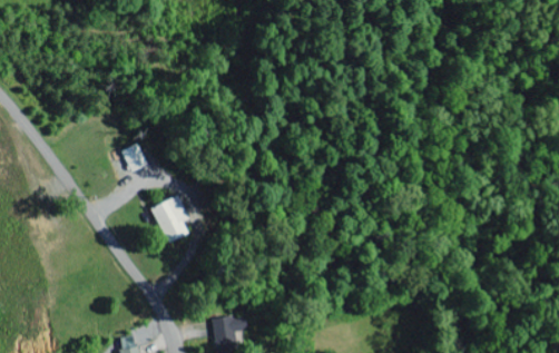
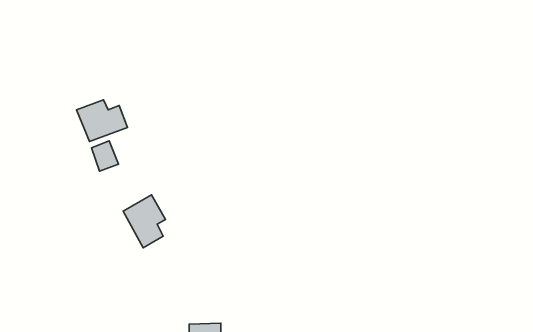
building: none -> [76,100,127,142]

